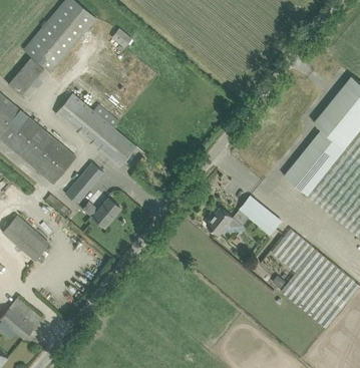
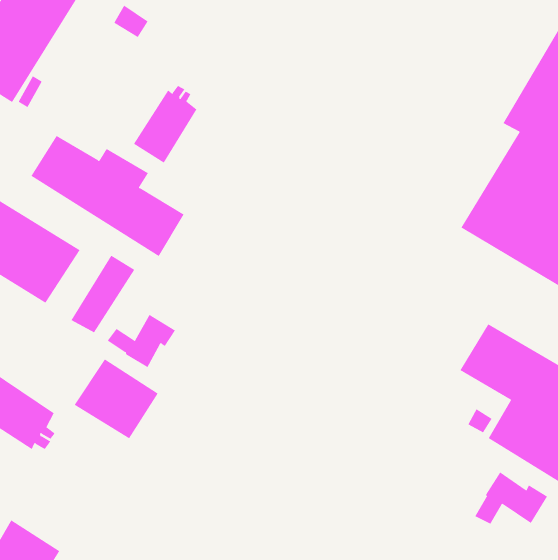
building: none -> [133,85,197,163]
building: [207,196,282,236] -> none
building: none -> [74,359,158,439]
building: none -> [475,472,548,525]

